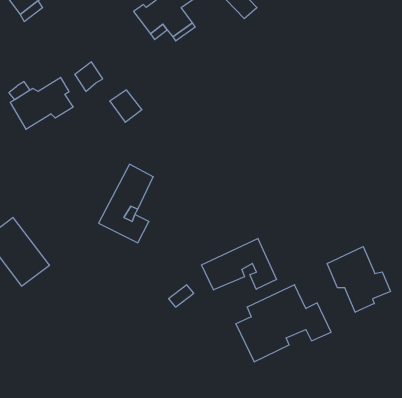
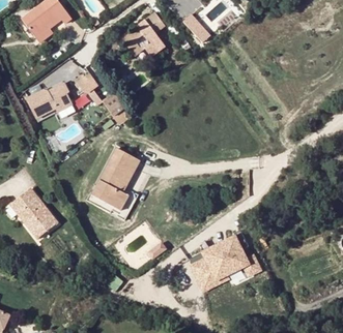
building: [202,238,276,290] -> none
building: [327,247,391,312] -> none

